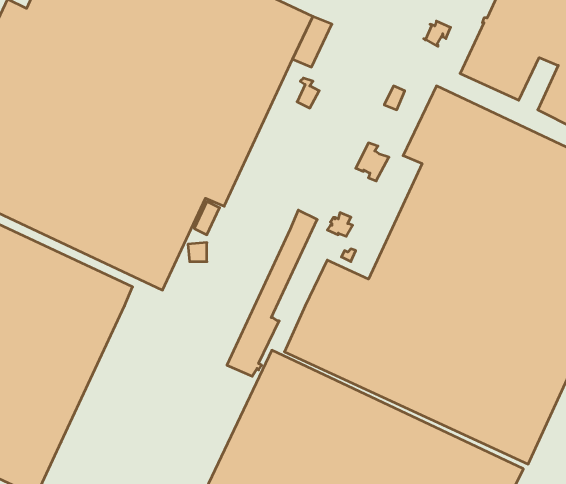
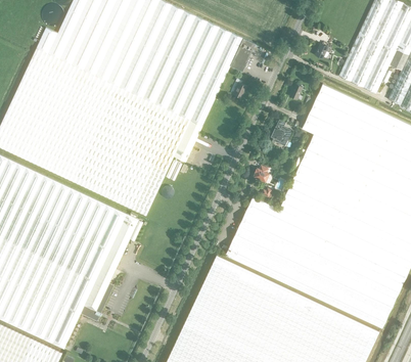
building: [227,210,317,376] -> [80,214,138,321]

